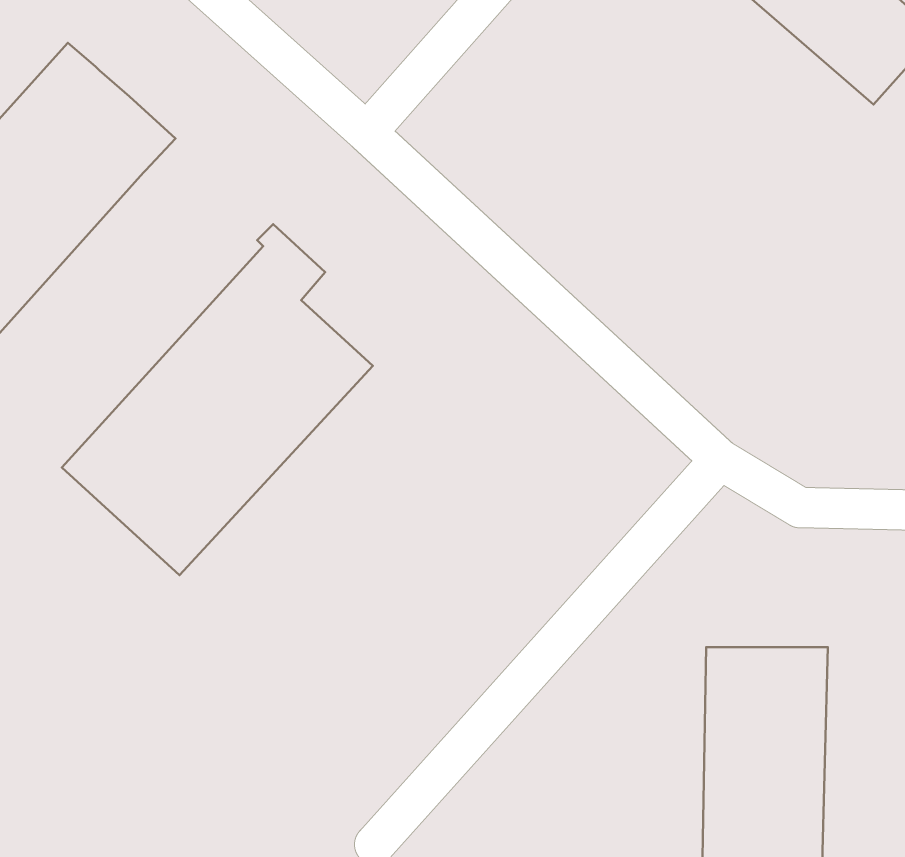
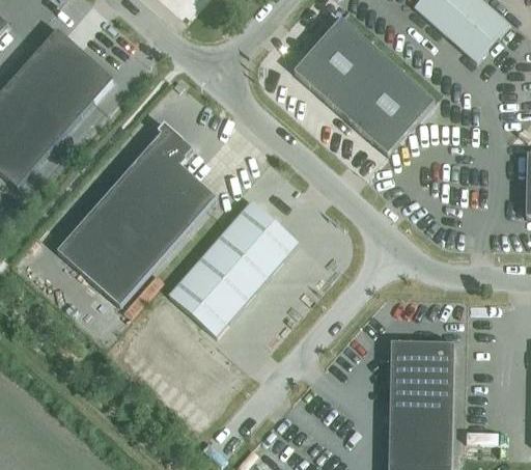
building: none -> [295,18,435,154]
building: none -> [169,199,299,335]

